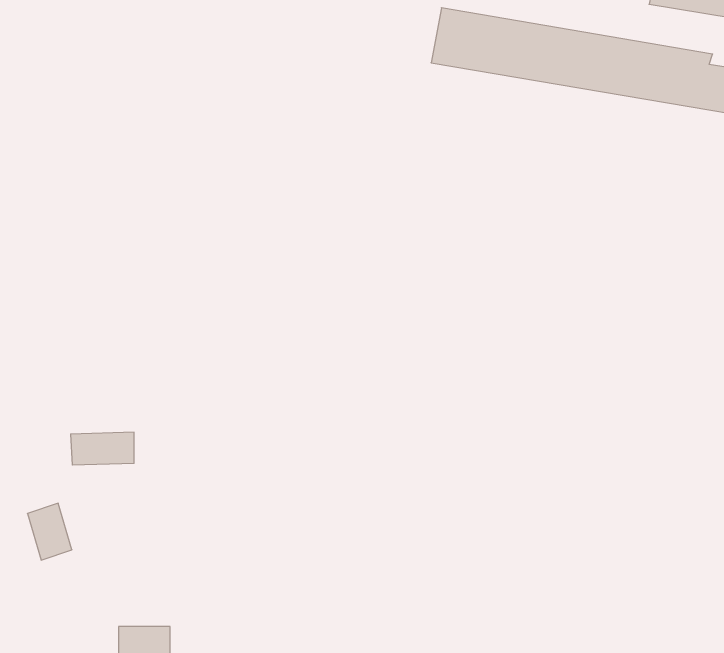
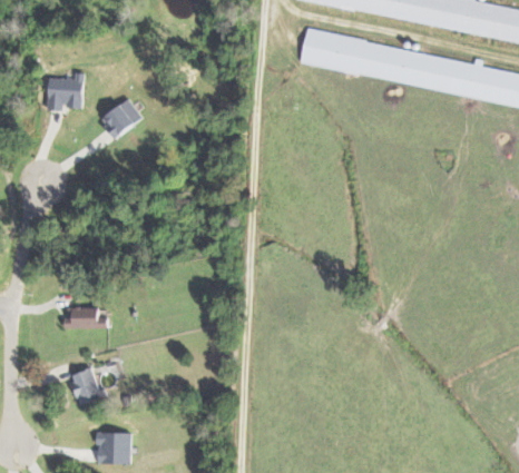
building: none -> [47,71,82,109]
building: none -> [100,98,141,137]
building: [27,503,72,560] -> [70,367,99,404]

